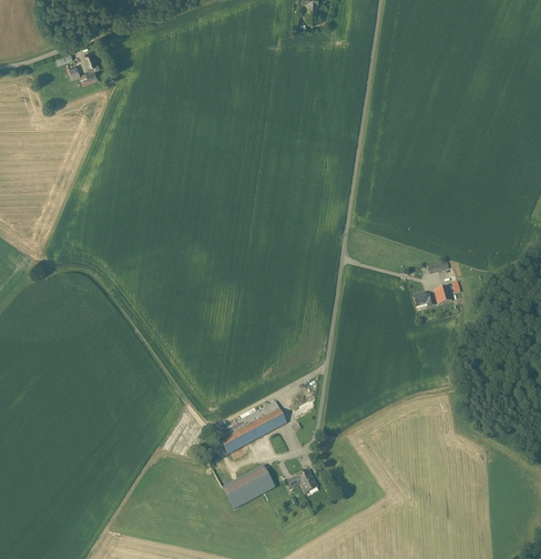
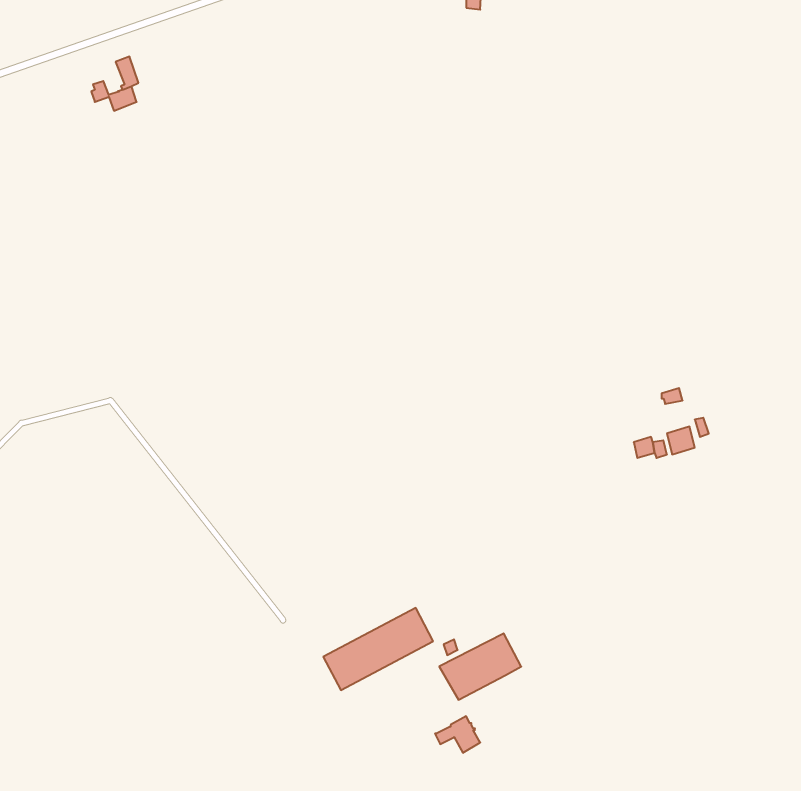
building: [222,466,274,508] -> [439,633,521,700]

